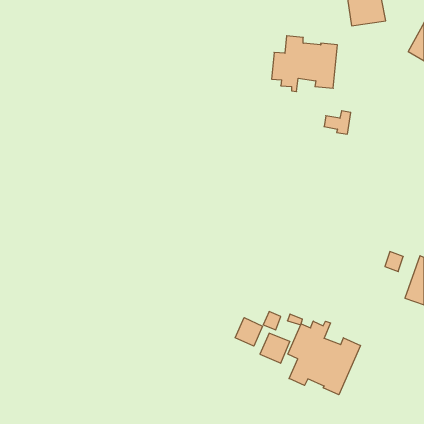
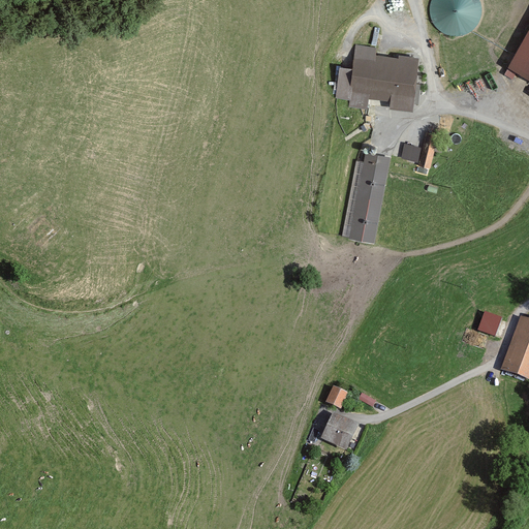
building: none -> [342,152,391,242]
building: [235,318,262,346] -> none
building: [288,321,360,395] -> none

